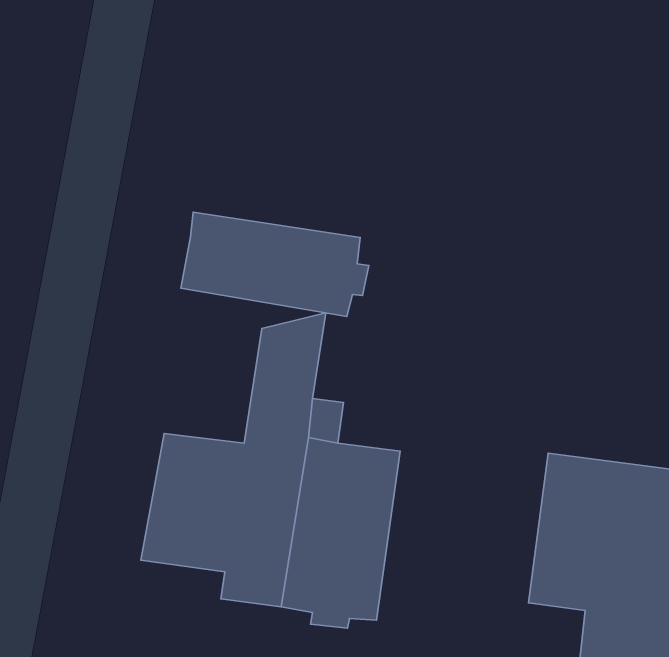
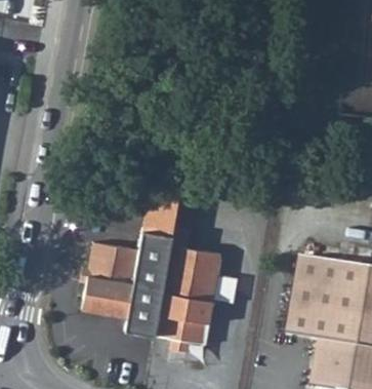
building: [181,212,369,317] -> none

